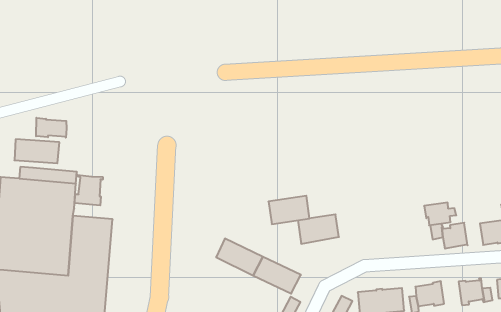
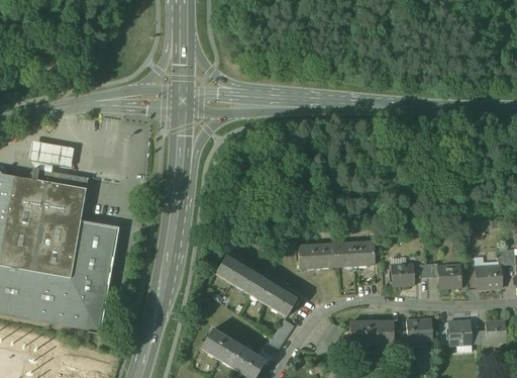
building: [36,118,67,138] -> none
building: [75,175,103,205] -> none
building: [268,196,310,224] -> [335,242,374,266]
building: [424,203,456,225] -> [390,264,420,284]

